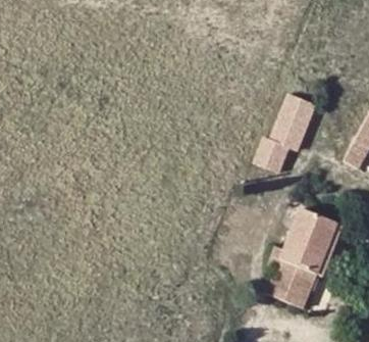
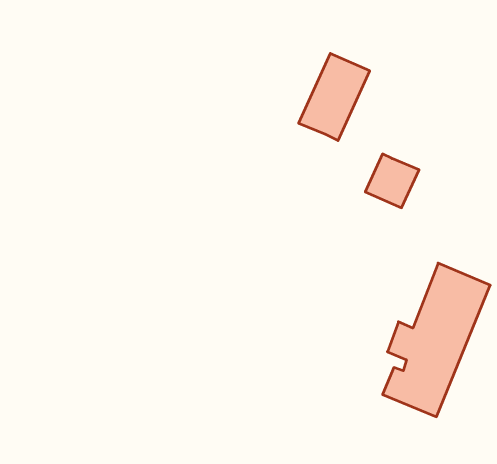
building: [272,94,318,150] -> [299,53,370,141]

